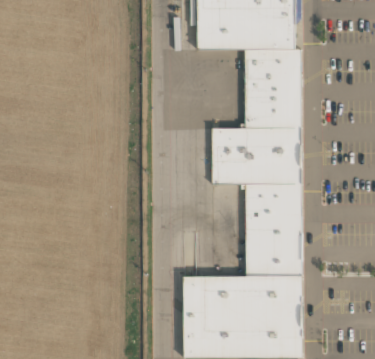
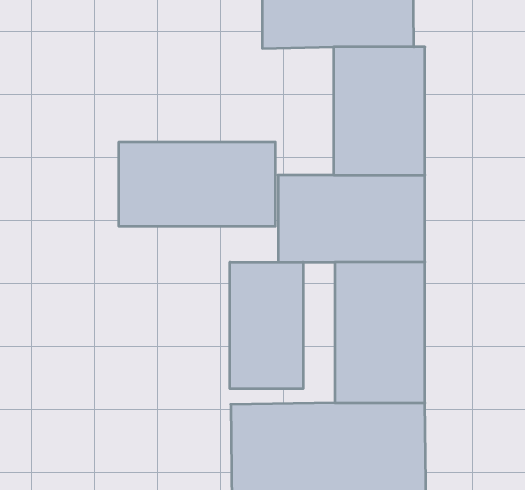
building: none -> [119,142,275,226]
building: none -> [230,262,303,389]

